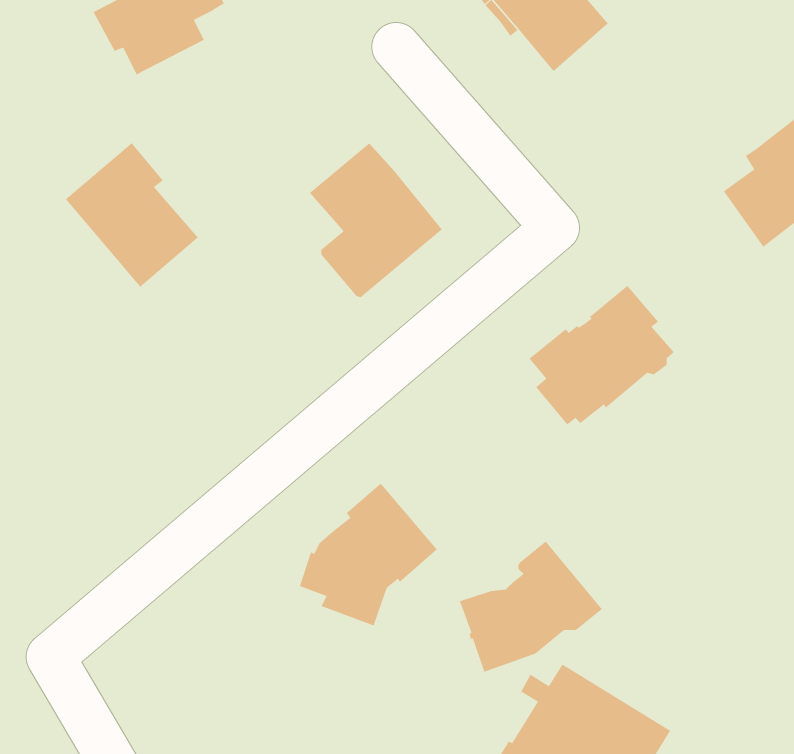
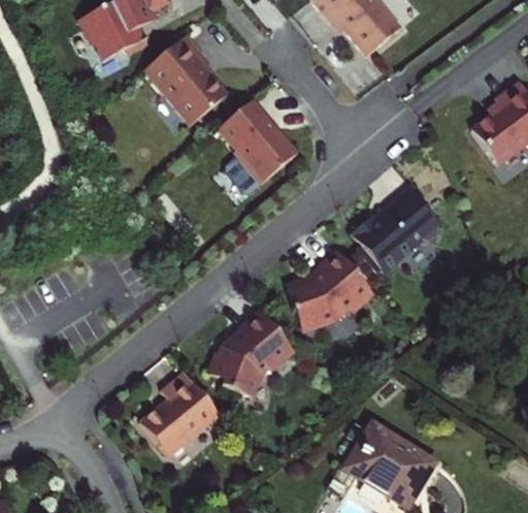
building: [65,142,199,288] -> [145,34,228,124]
building: [459,540,603,673] -> [286,251,374,332]
building: none -> [141,372,220,455]

